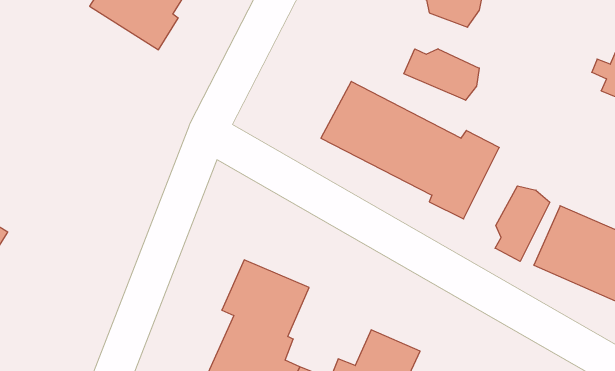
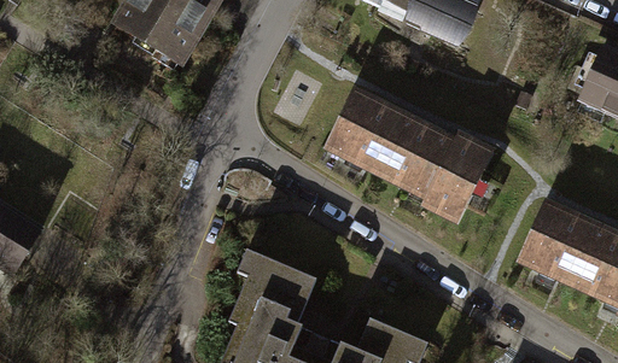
building: [404,49,479,100] -> none
building: [495,186,550,261] -> none

